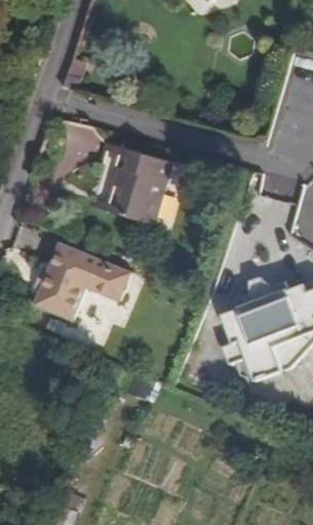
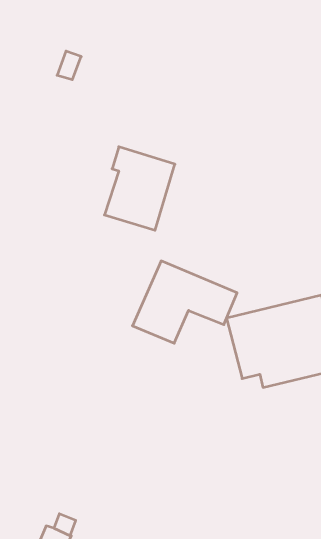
building: [33,240,130,317] -> [132,261,237,343]

